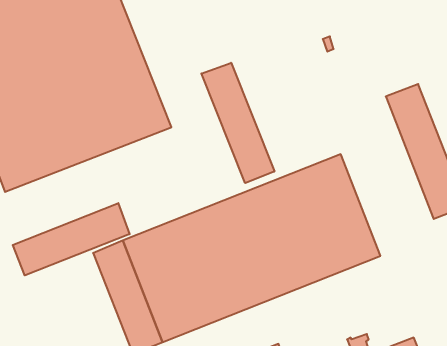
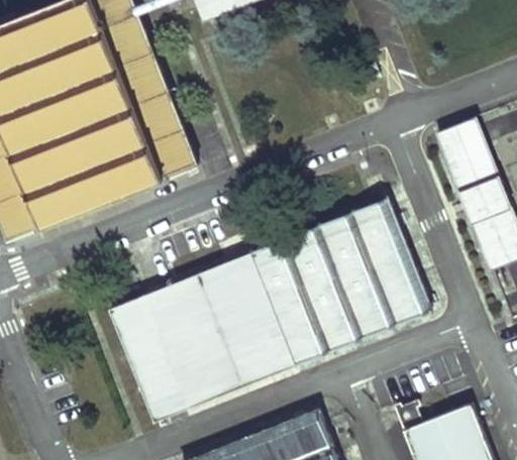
building: [201,63,274,183] -> none
building: [13,203,130,275] -> none

